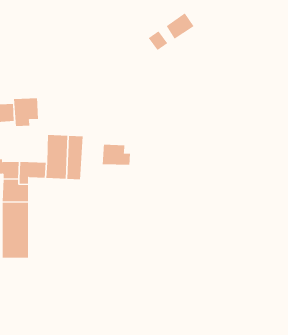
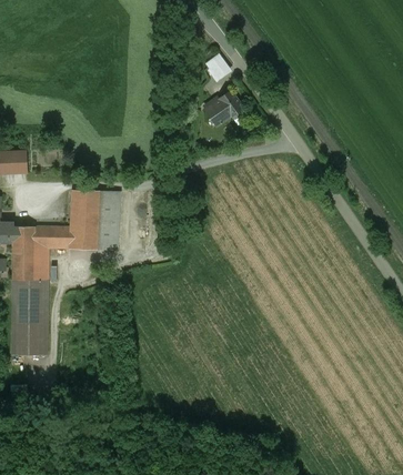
building: [166,13,194,39] -> [204,90,242,125]
building: [13,98,39,127] -> none
building: [102,144,131,166] -> none

